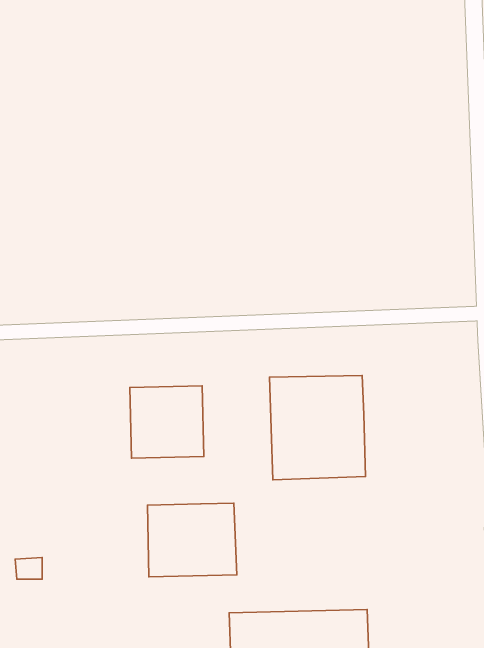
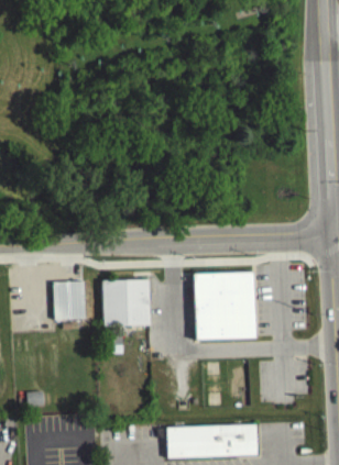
building: none -> [54,281,86,321]
building: [147,503,237,577] -> none

